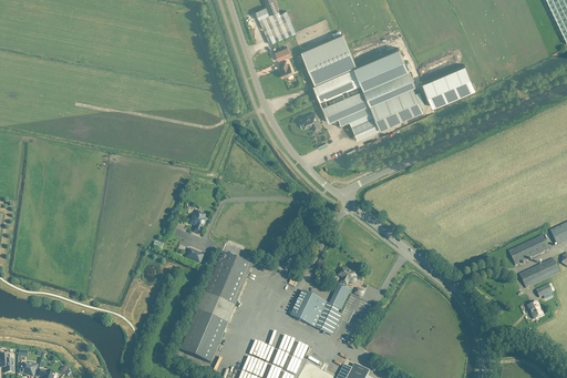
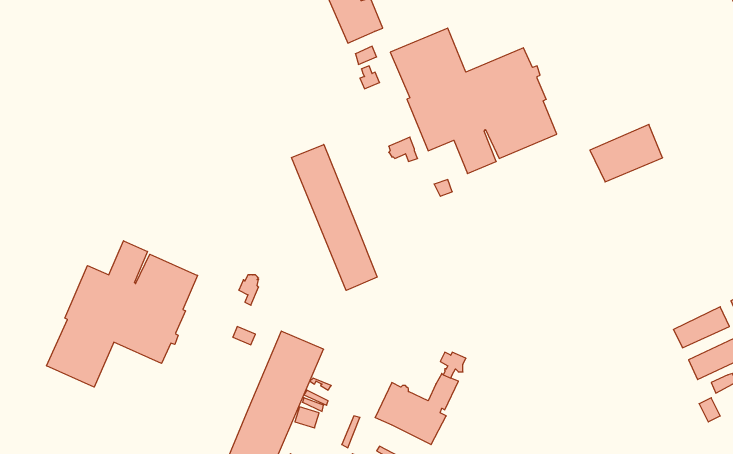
building: [421,62,474,104] -> [590,124,663,182]
building: none -> [291,144,377,290]
building: none -> [47,241,198,387]

